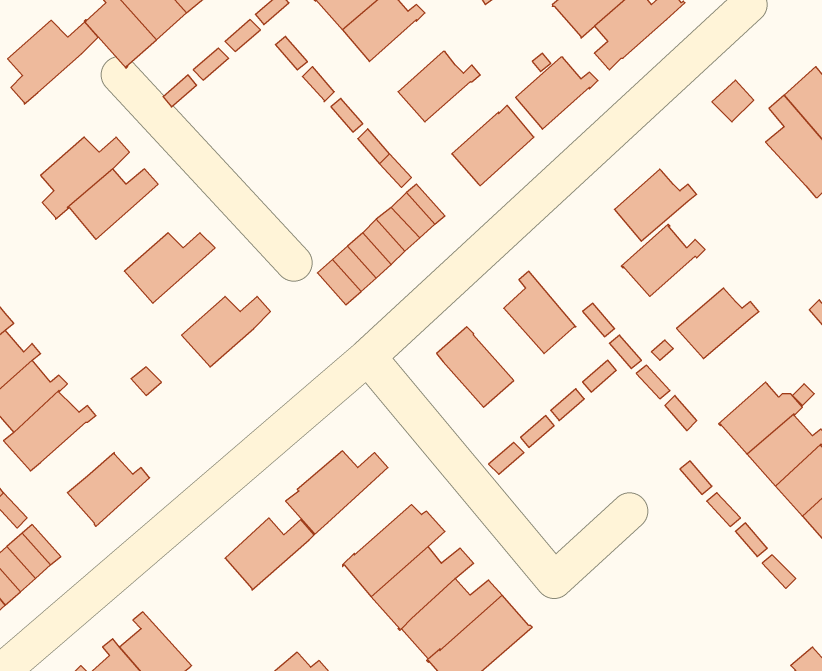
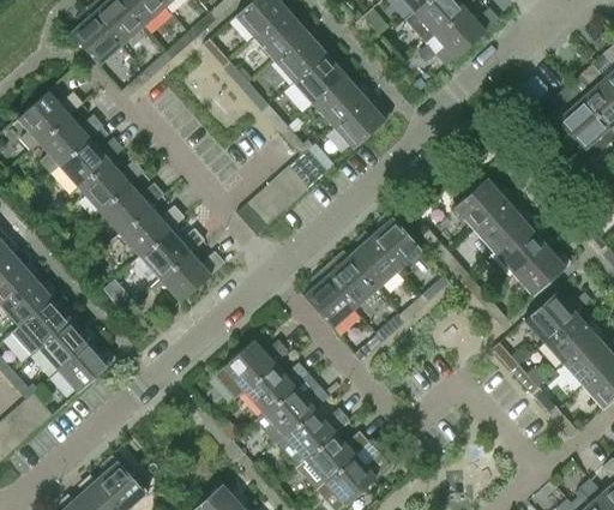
building: none -> [273,26,332,83]
building: [8,20,98,104] -> [17,91,82,151]
building: [516,57,598,129] -> [313,76,372,127]
building: [614,169,697,241] -> [474,200,532,252]
building: none -> [78,161,143,211]
building: none -> [119,206,182,257]
building: none -> [348,230,398,289]
building: none -> [512,245,571,296]
building: none -> [159,252,224,302]
building: none -> [302,270,355,329]
building: none -> [38,319,97,370]
building: [225,518,314,590] -> [243,362,307,414]

